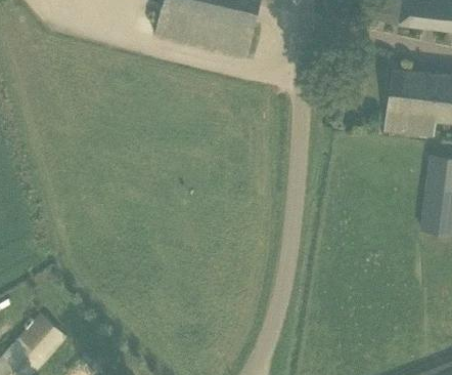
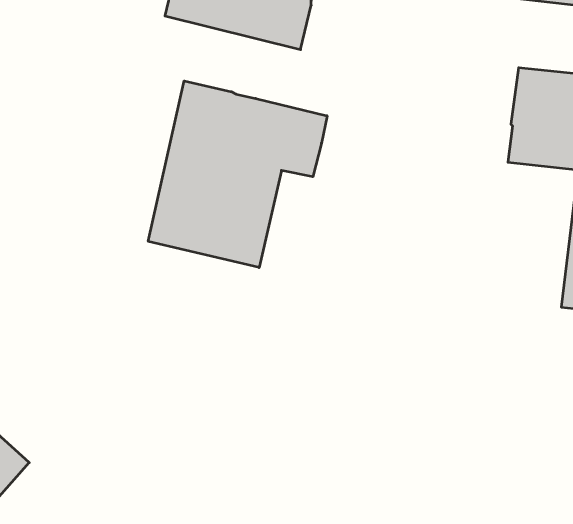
building: none -> [148,81,327,268]

